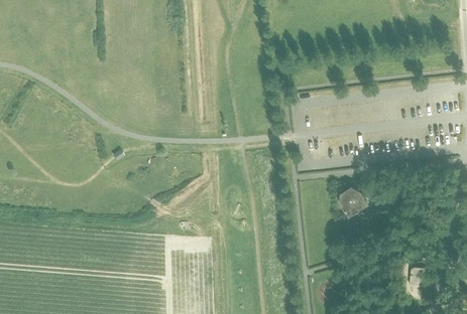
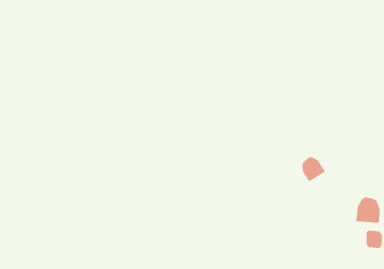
building: none -> [356,197,380,223]

